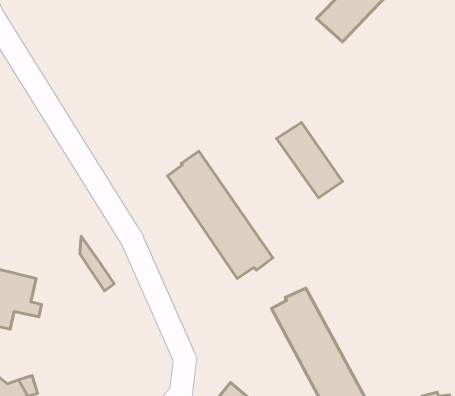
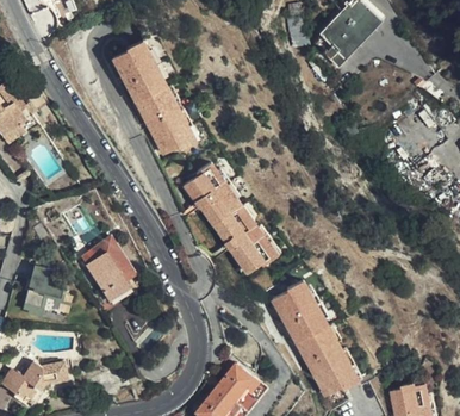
building: none -> [114,41,195,154]
building: [276,122,342,198] -> none
building: none -> [86,252,130,300]

